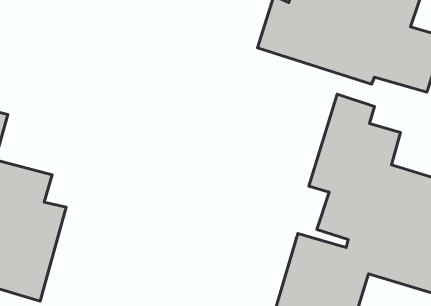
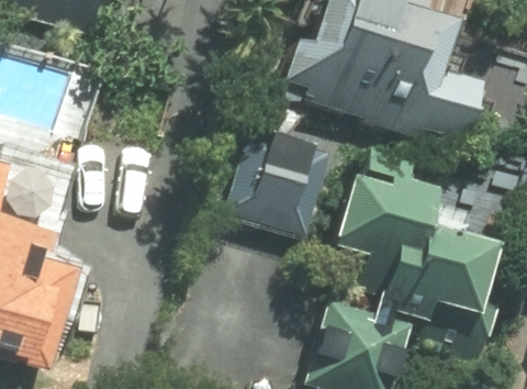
building: none -> [229,127,330,233]

